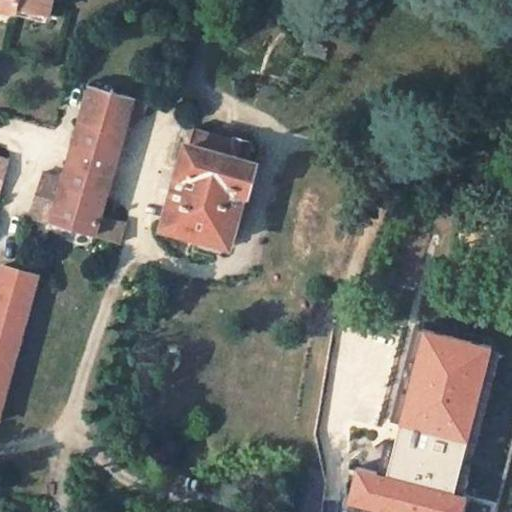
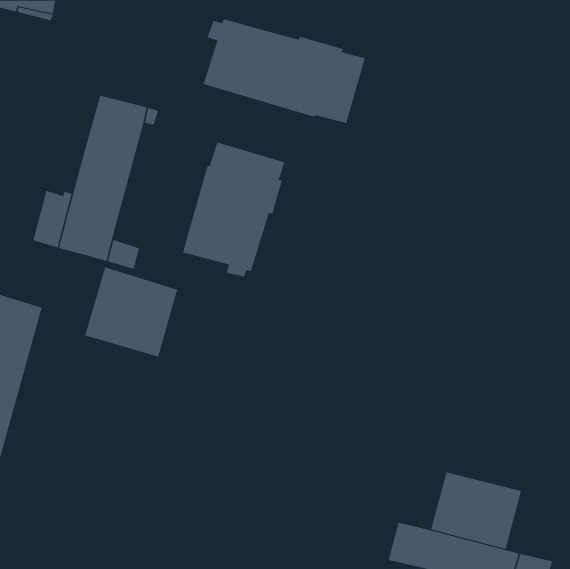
building: none -> [203,18,365,124]
building: none -> [84,267,178,358]
building: [399,330,491,441] -> none

